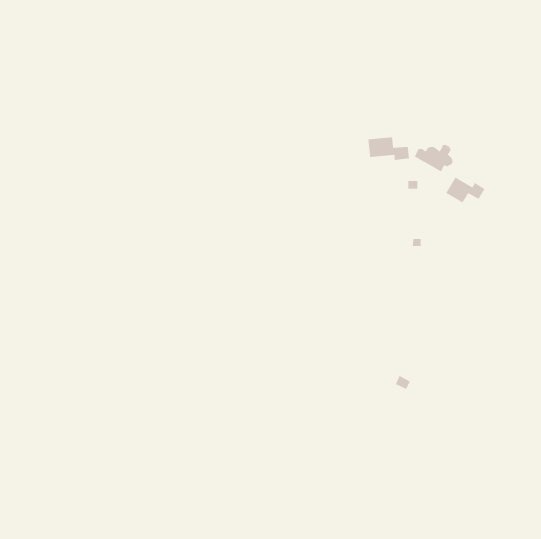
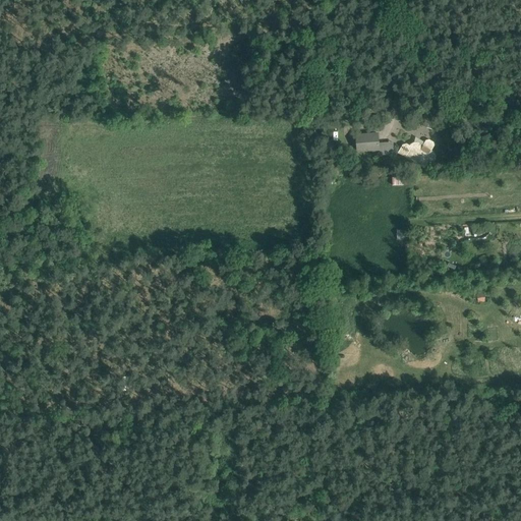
building: [445,176,485,203] -> none

